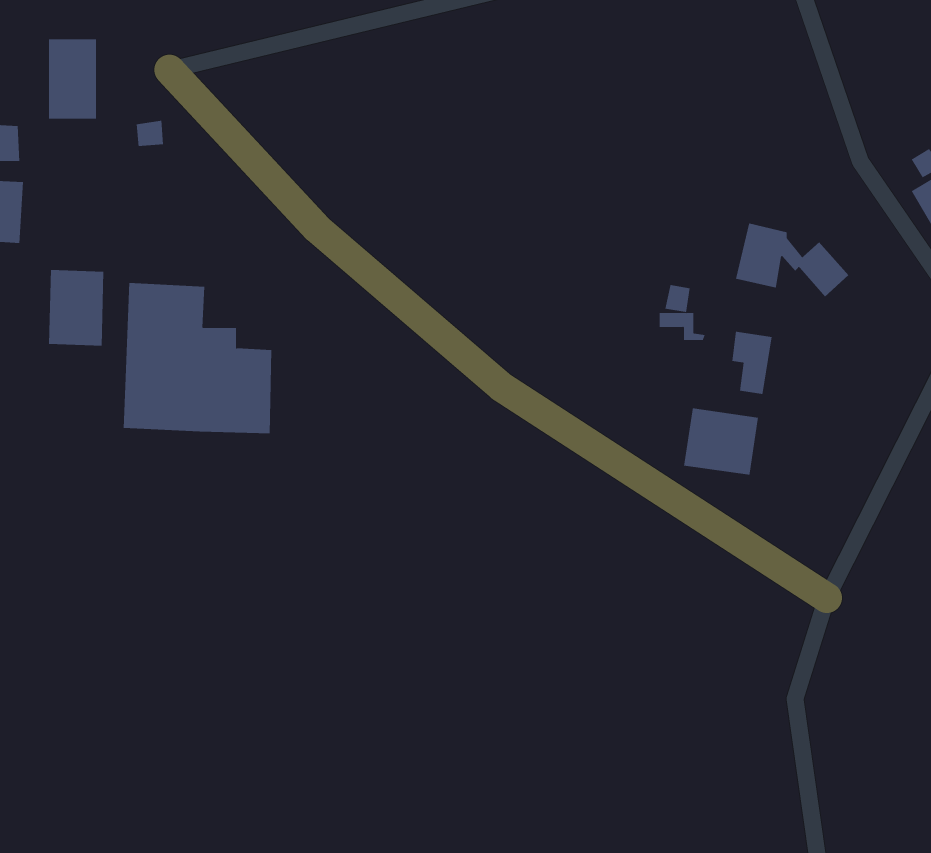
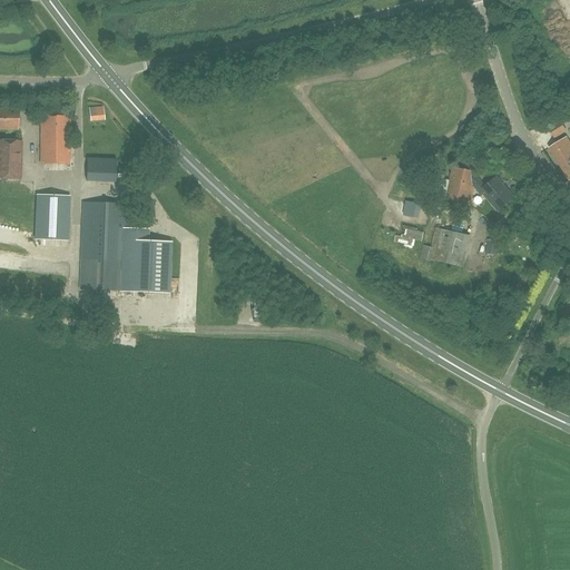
building: [48,39,97,119] -> [40,115,69,163]
building: none -> [86,156,116,179]
building: [684,408,759,476] -> none

